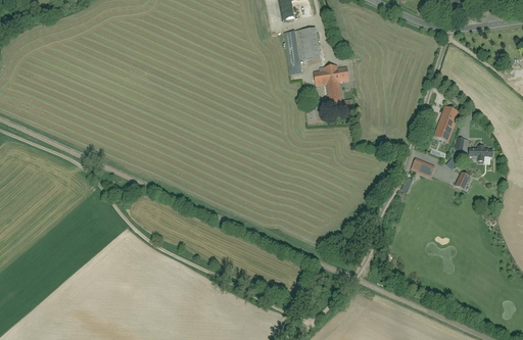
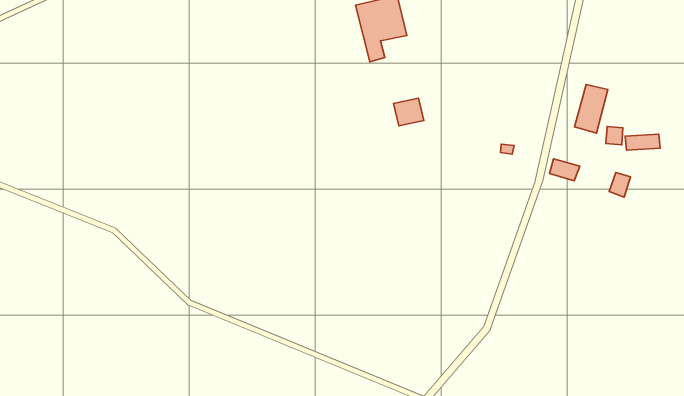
building: [313,64,349,111] -> none

